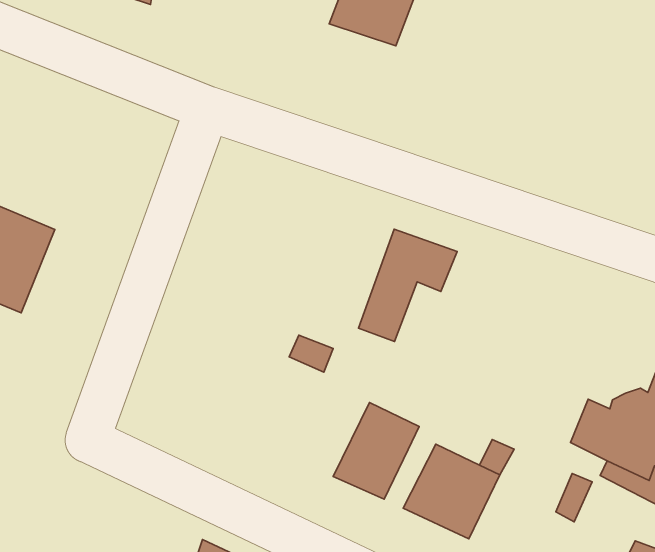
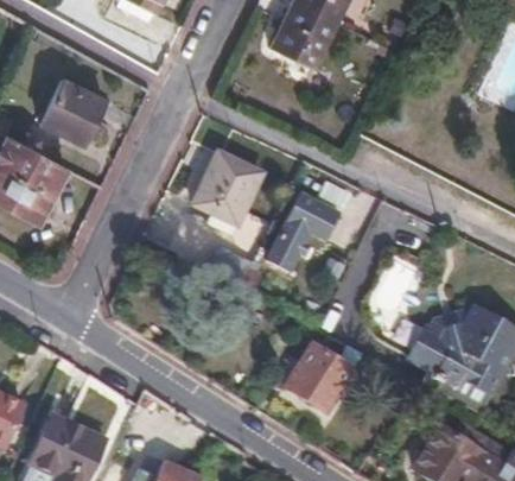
building: none -> [42,78,104,144]
building: none -> [192,151,262,224]
building: [333,403,419,499] -> none

